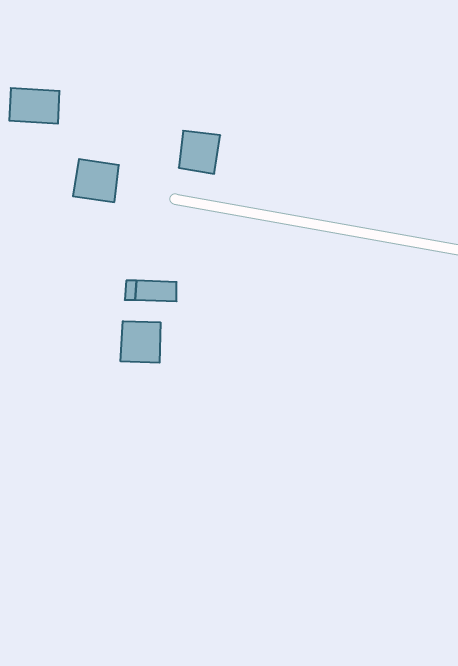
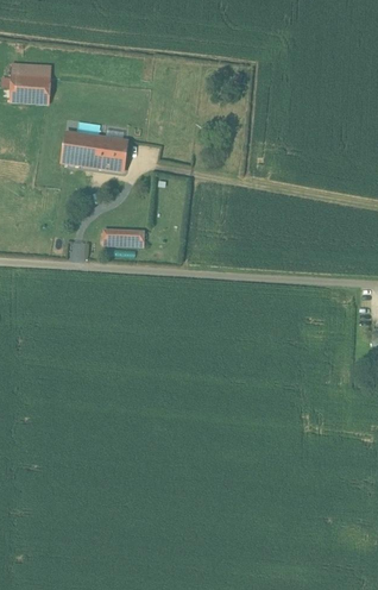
building: [179,131,220,174] -> [94,137,127,171]
building: [121,321,160,363] -> none

